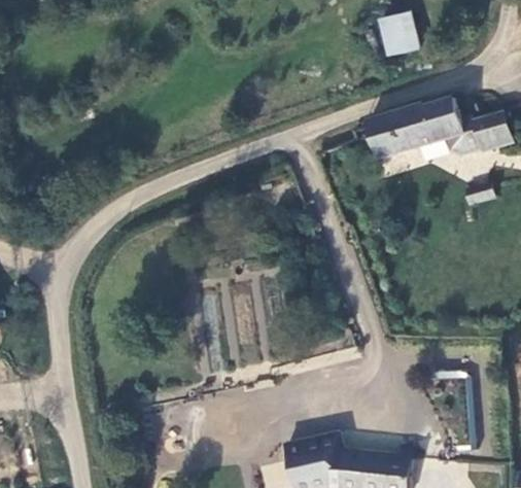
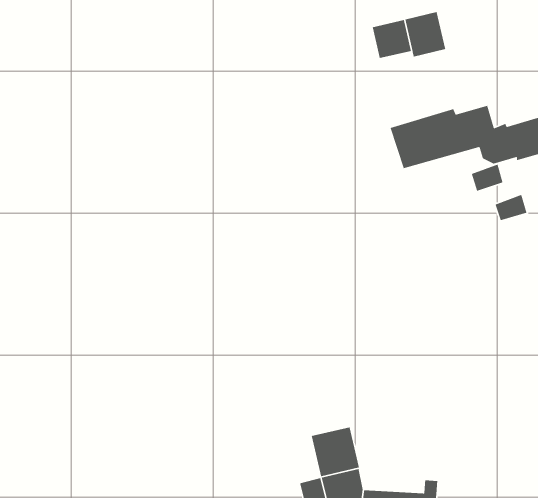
building: none -> [372,19,412,59]
building: none -> [311,427,360,477]

